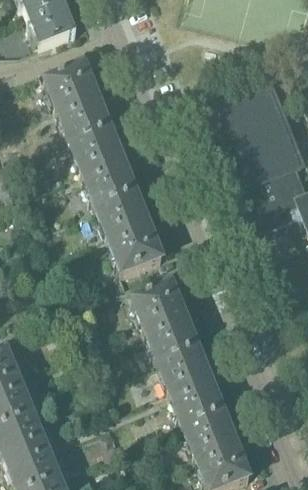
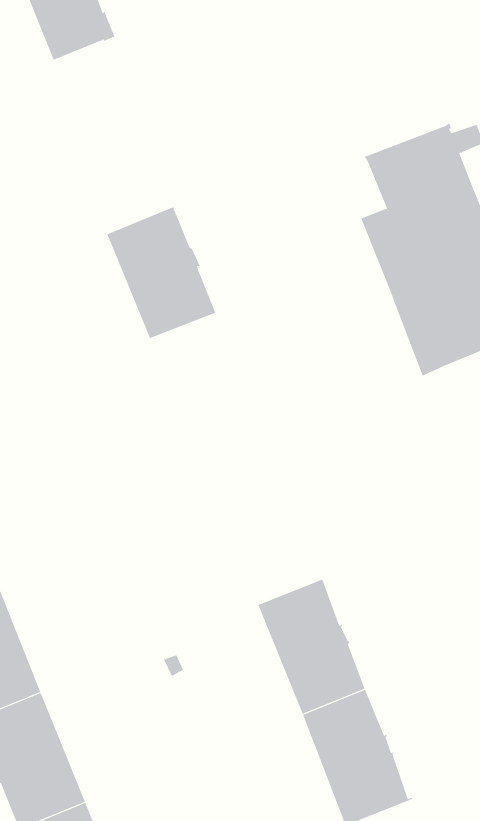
building: [44,60,110,144] -> none
building: [96,190,162,270] -> none
building: [134,280,197,360] -> none

